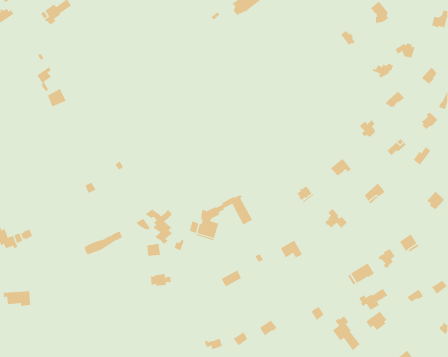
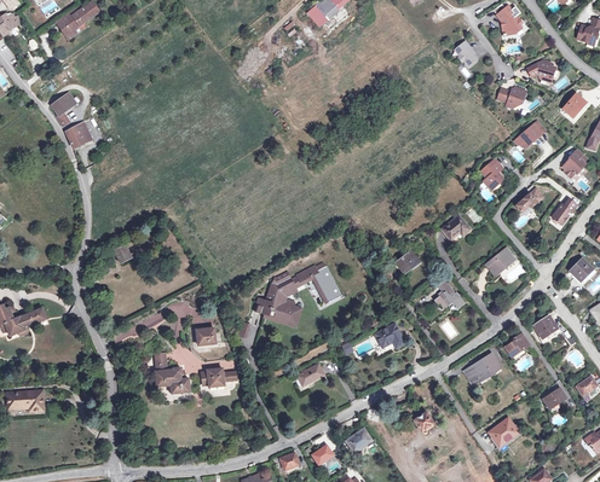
building: [145,208,174,244] -> none
building: none -> [155,359,190,393]
building: [359,288,388,311] -> none
building: [332,316,360,351] -> none

